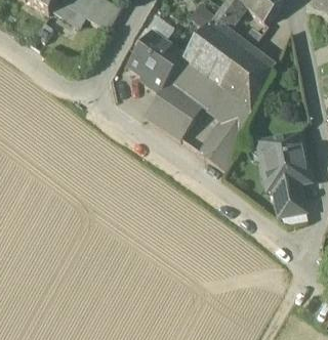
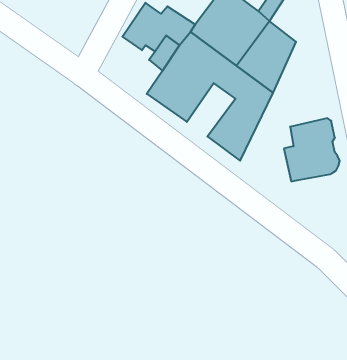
building: [274,180,306,215] -> none

